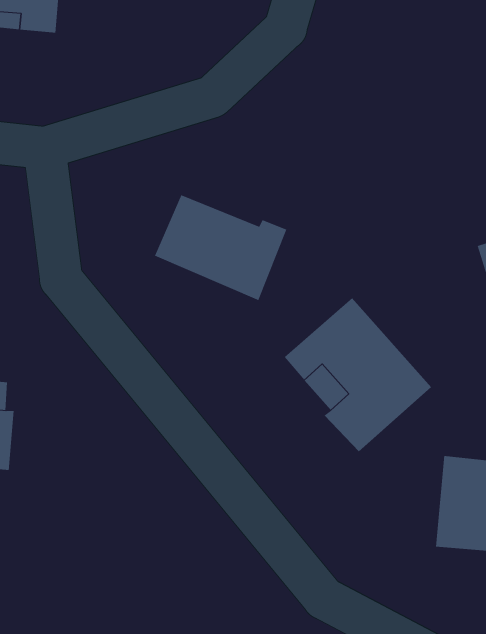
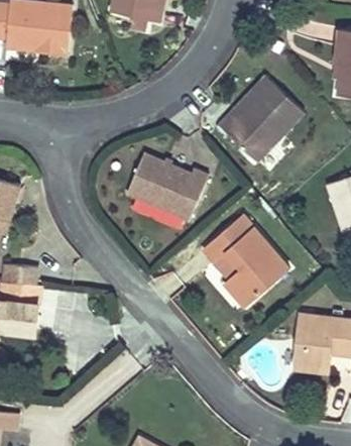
building: none -> [222,74,311,157]

